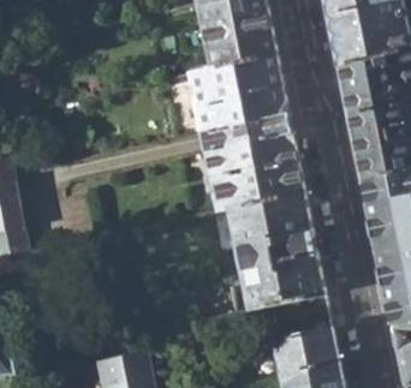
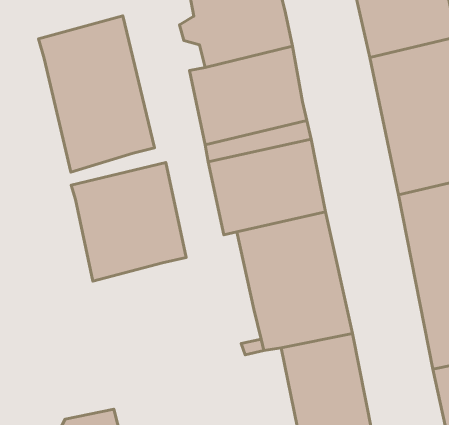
building: none -> [39,16,154,172]
building: none -> [71,163,186,281]

